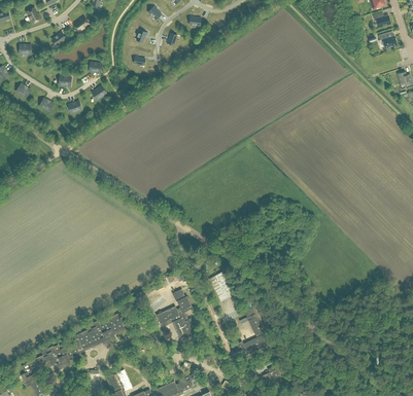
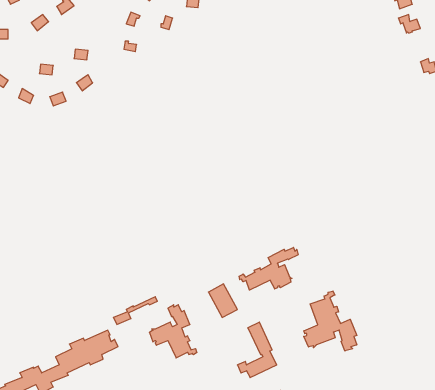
building: none -> [239,247,298,290]
building: none -> [304,291,357,351]

